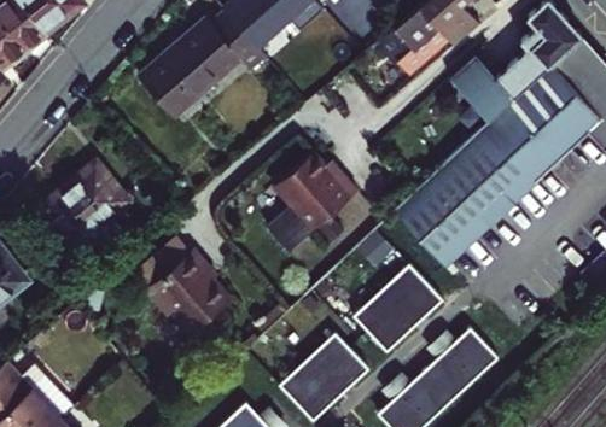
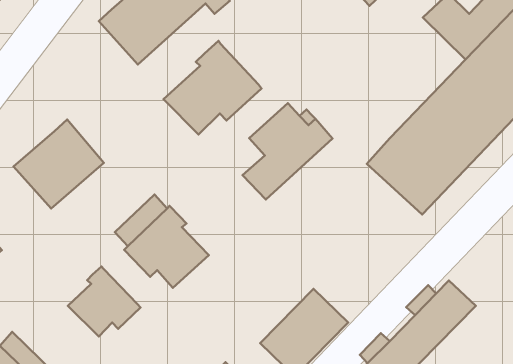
building: none -> [163,41,262,134]
building: [350,271,438,358] -> none
building: none -> [68,266,140,336]

